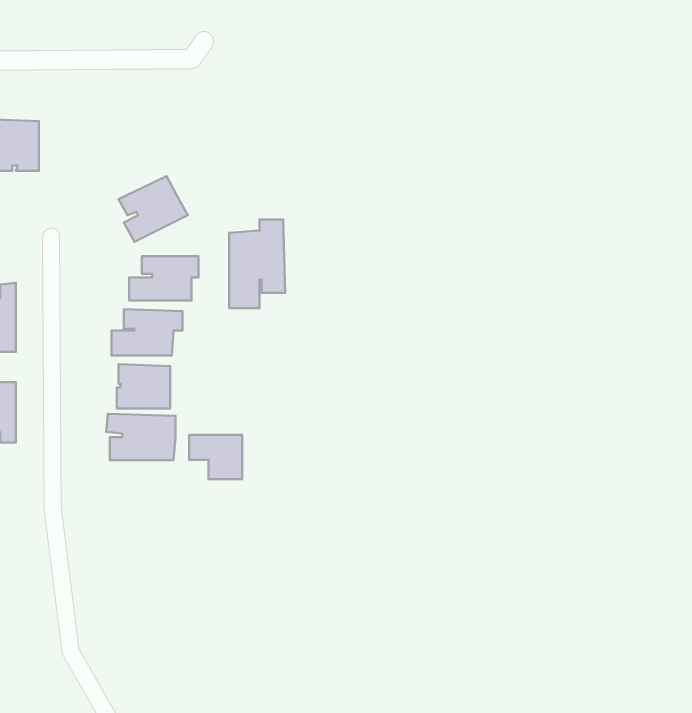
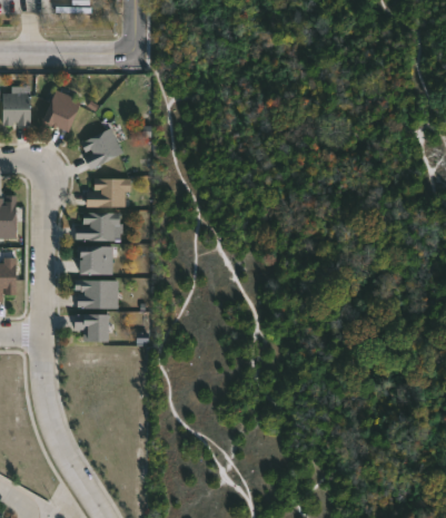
building: none -> [41,90,82,133]
building: [229,220,285,308] -> none
building: [189,435,242,479] -> [72,313,106,341]

